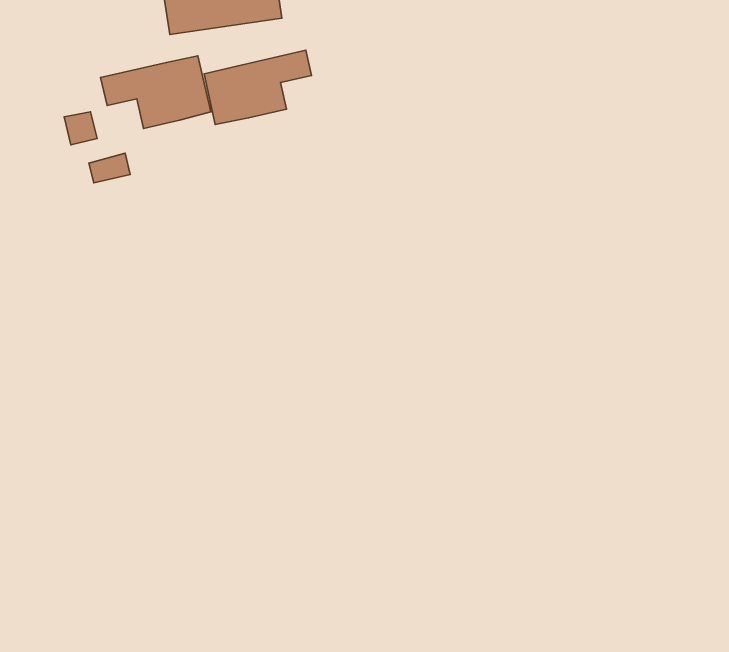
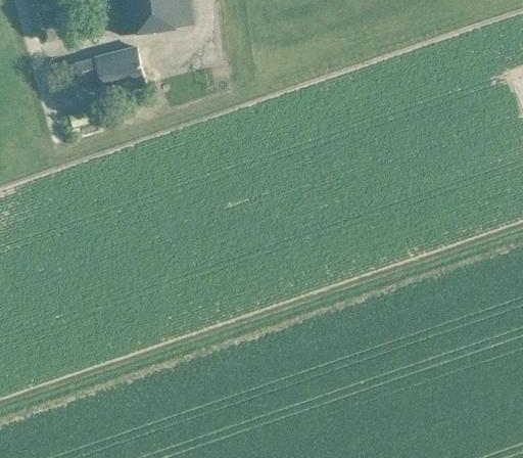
building: [204,50,311,124] -> none

